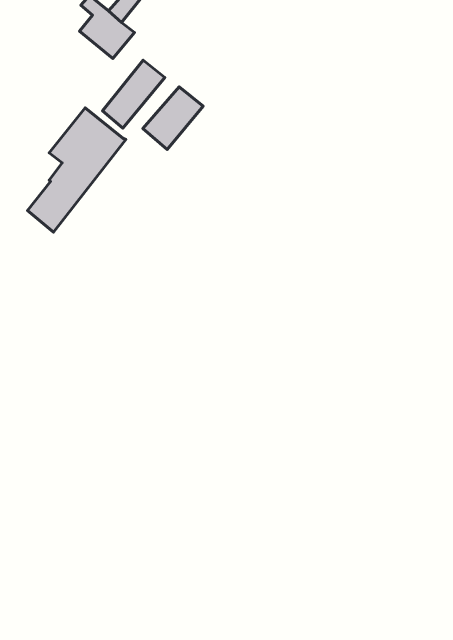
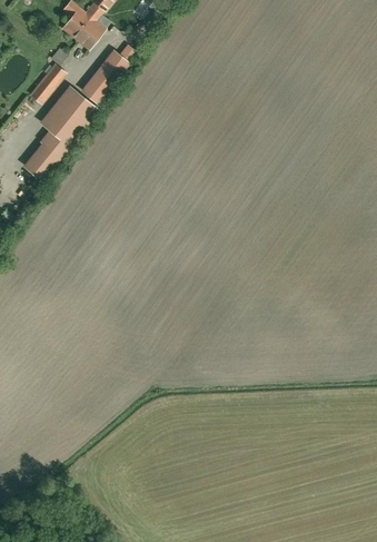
building: none -> [30,62,65,104]
building: [143,87,203,150] -> none

